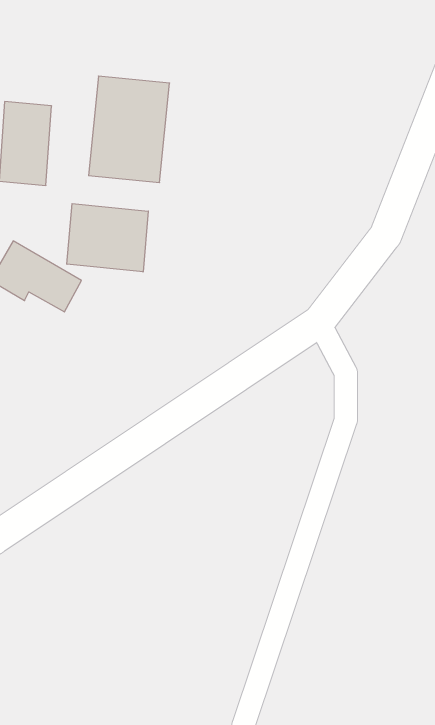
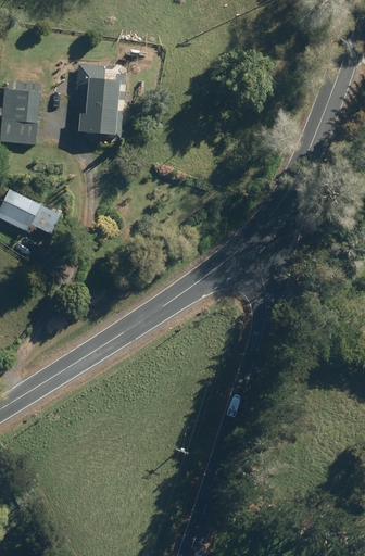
building: [67,204,148,272] -> none

